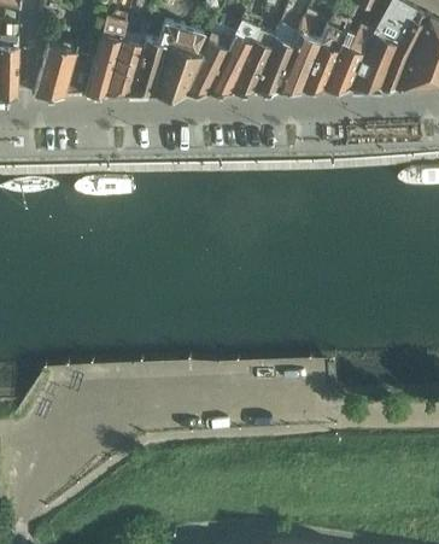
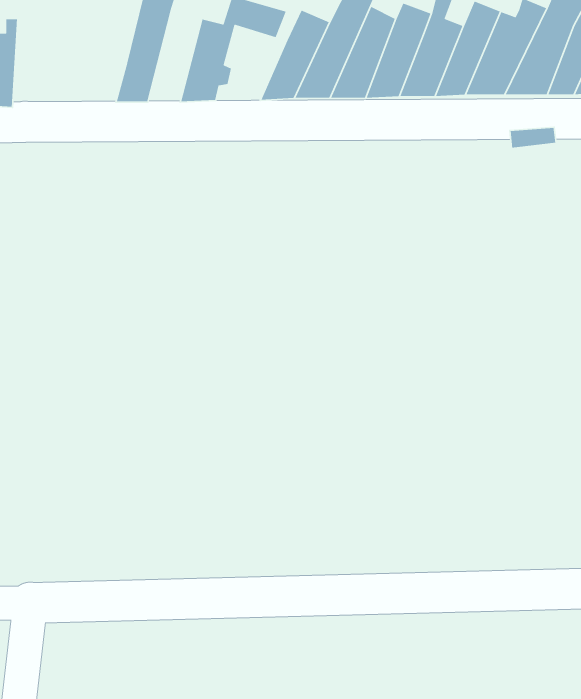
building: [106,35,142,96] -> none
building: [152,45,200,95] -> none
building: [33,46,92,99] -> none

